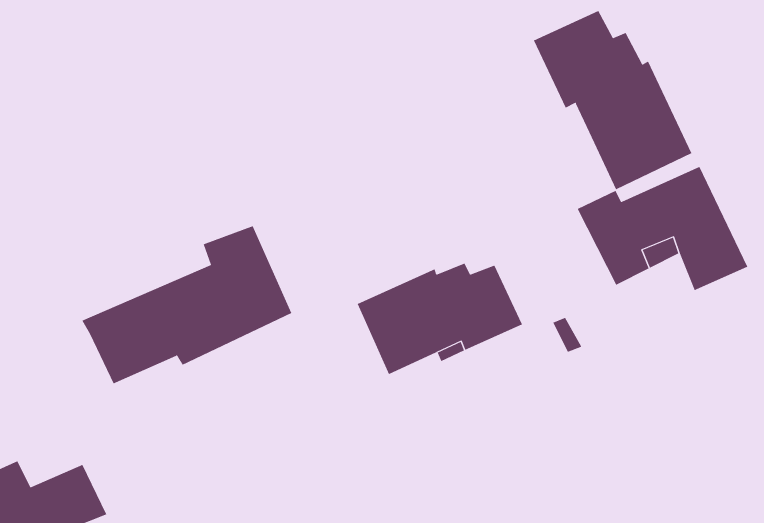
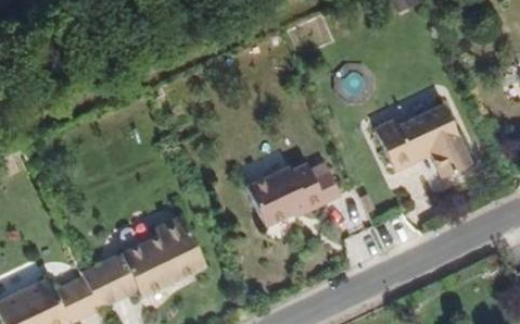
building: [533,10,692,190] -> none
building: [82,226,292,384] -> [81,216,204,309]

